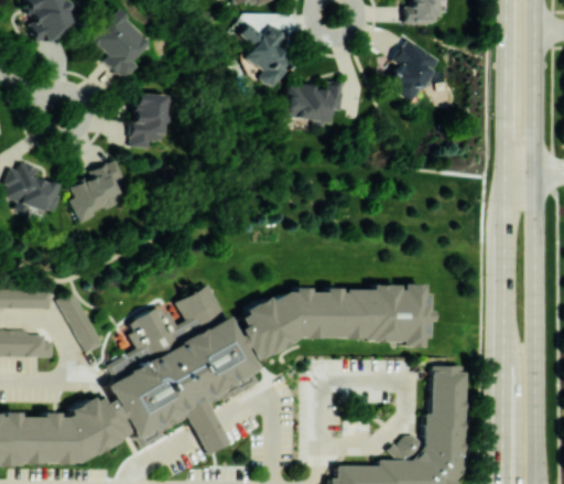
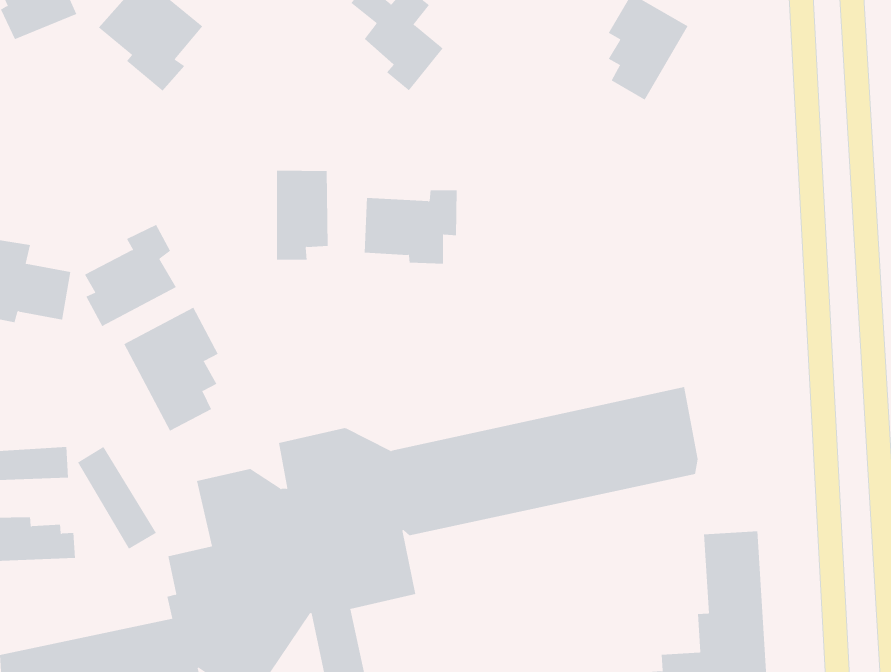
building: [285,82,344,127] -> [364,190,458,264]
building: [131,94,165,149] -> [276,170,329,260]
building: none -> [123,307,218,432]

